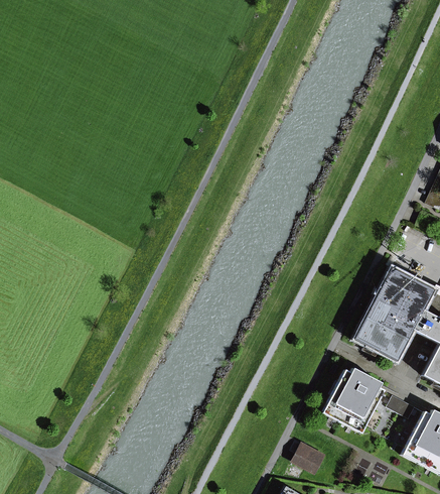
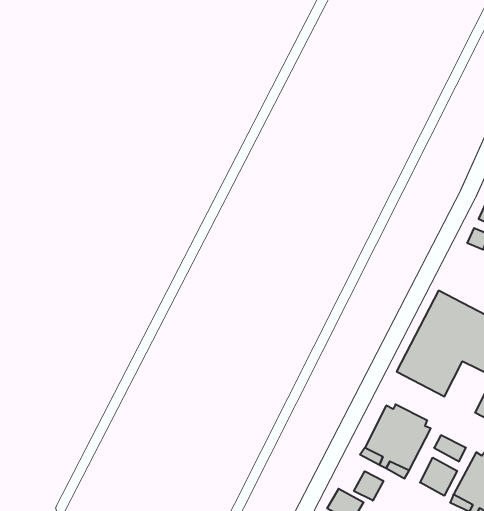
building: none -> [420,458,457,496]
building: none -> [354,471,383,501]

